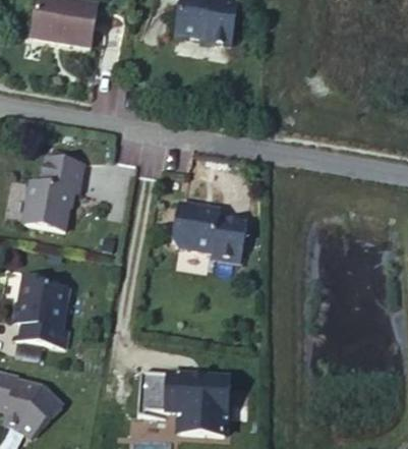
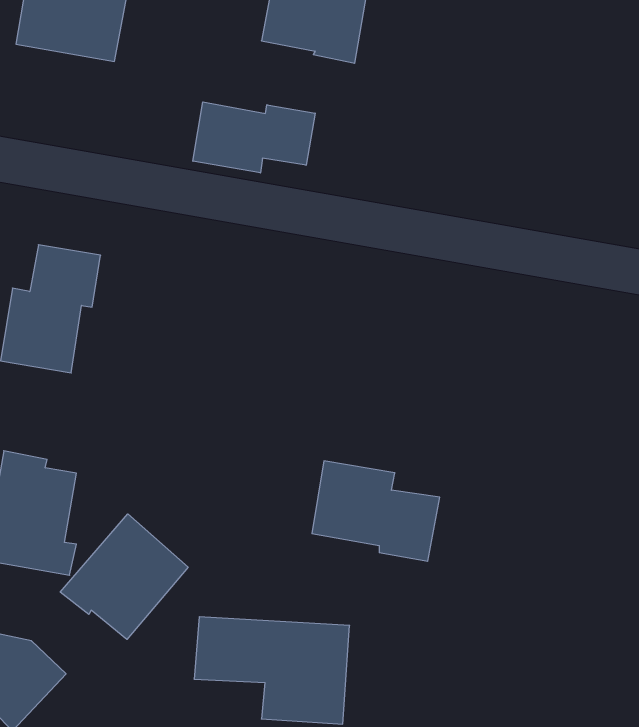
building: none -> [193,102,315,173]
building: [172,202,247,261] -> [312,461,440,561]
building: none -> [60,514,188,639]

